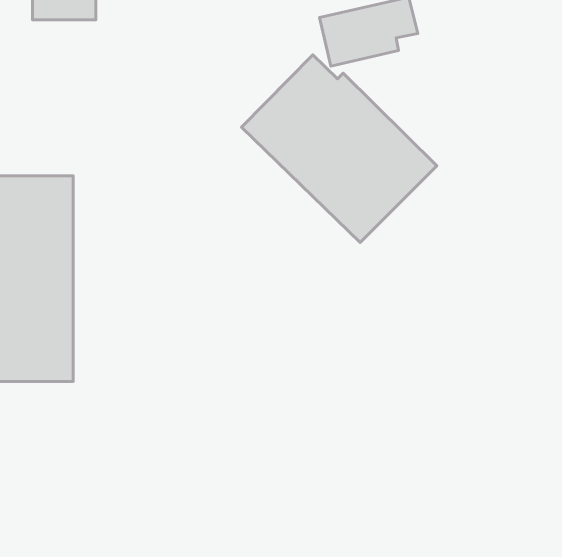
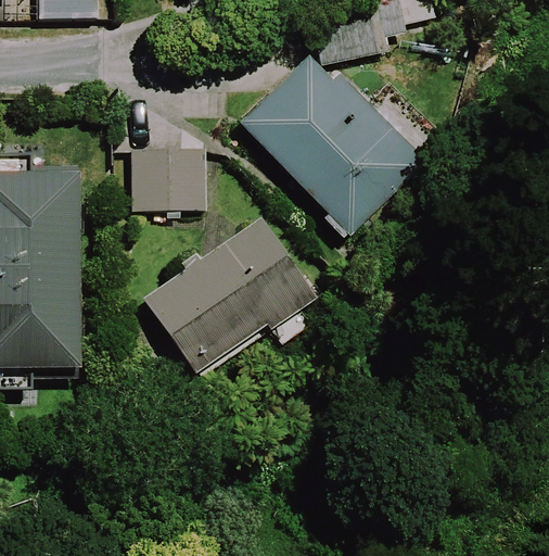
building: none -> [132,146,206,211]
building: none -> [143,217,317,372]

